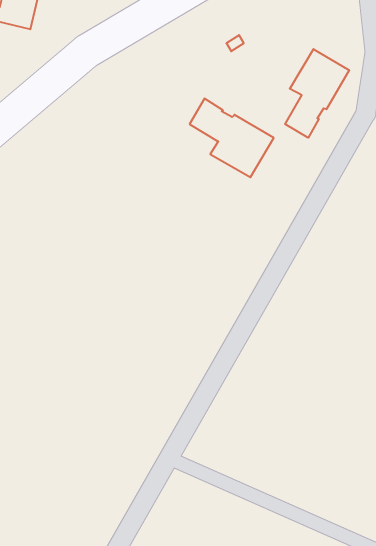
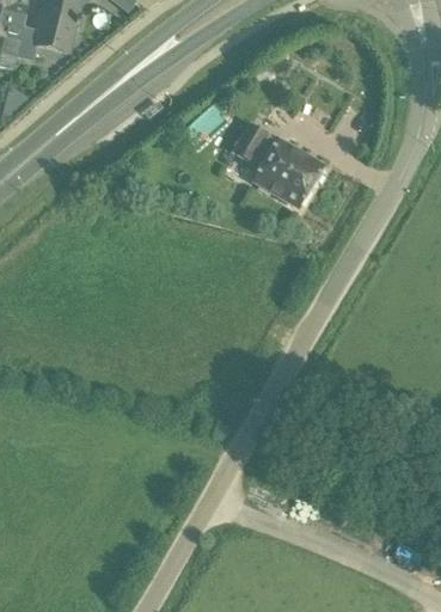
building: [285,49,349,138] -> none

